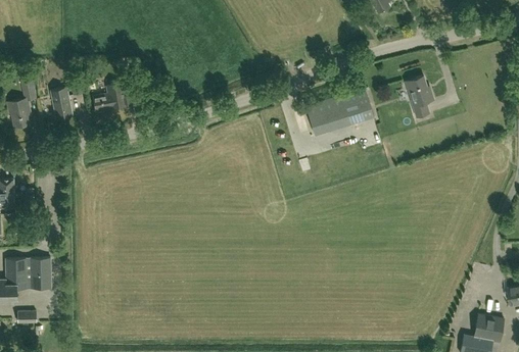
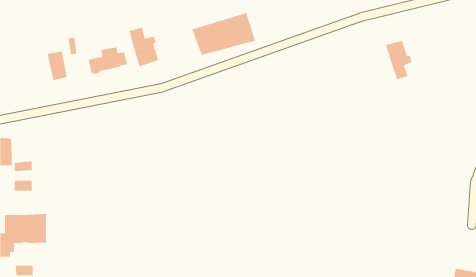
building: none -> [128,27,159,67]
building: [7,76,36,128] -> none
building: [306,88,374,133] -> [191,12,256,55]

